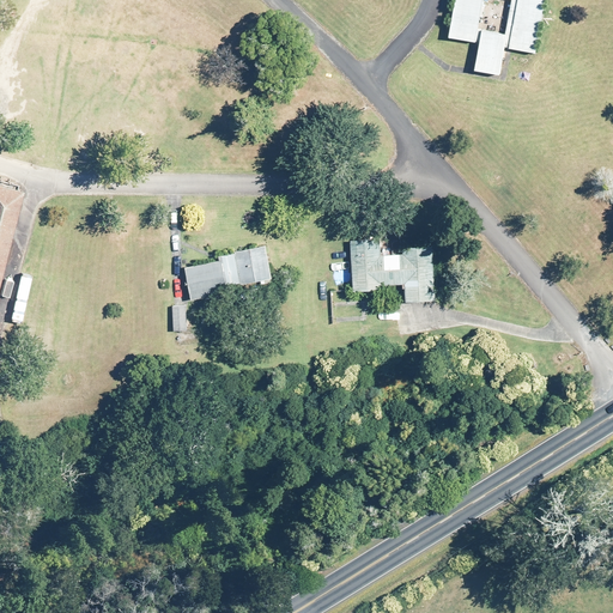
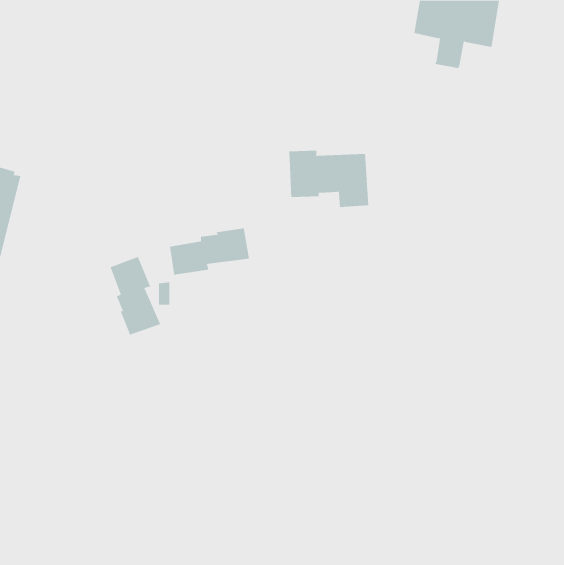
building: [348,241,436,303] -> [288,150,369,208]
building: none -> [110,256,161,336]

